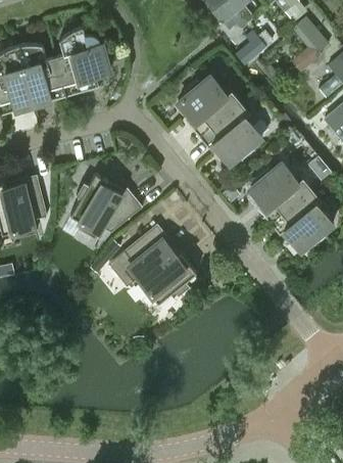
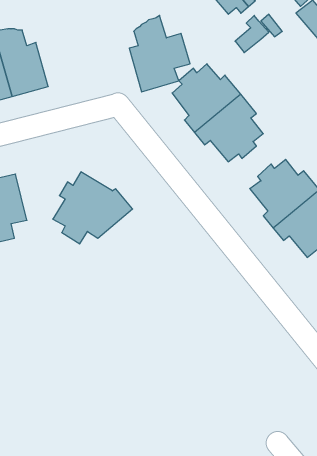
building: [55,26,110,95] -> [129,15,190,92]
building: [108,224,196,303] -> none

